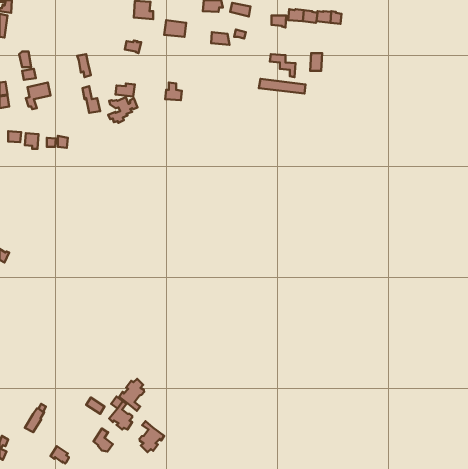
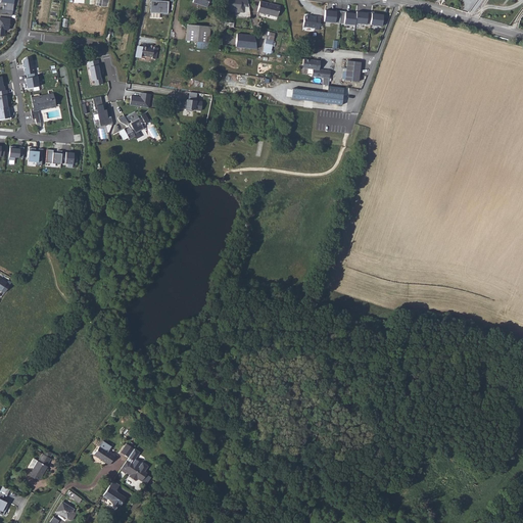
building: [119,379,144,411] -> none
building: [139,421,164,452] -> none

